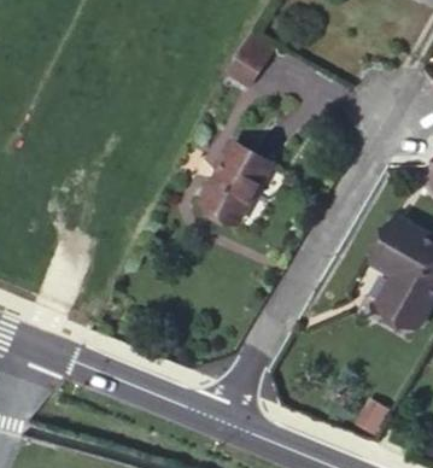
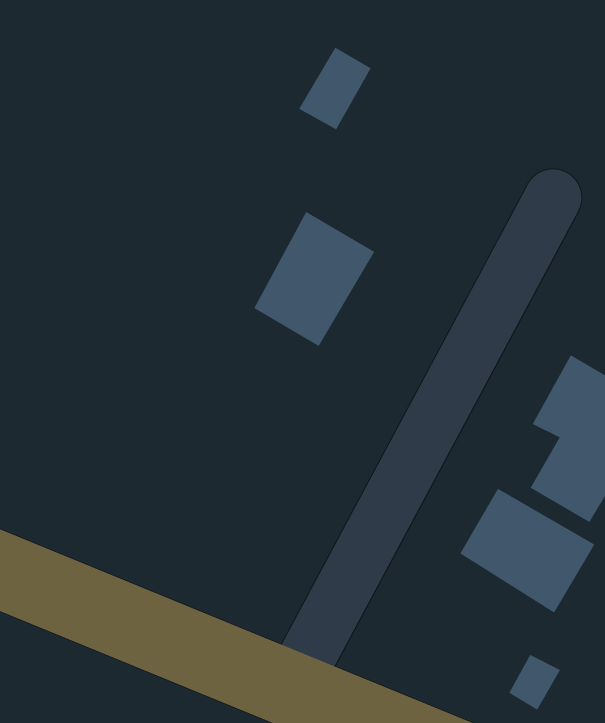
building: none -> [460,488,595,614]

